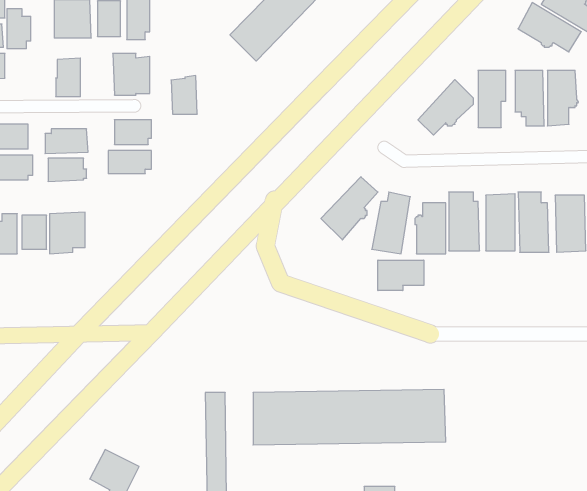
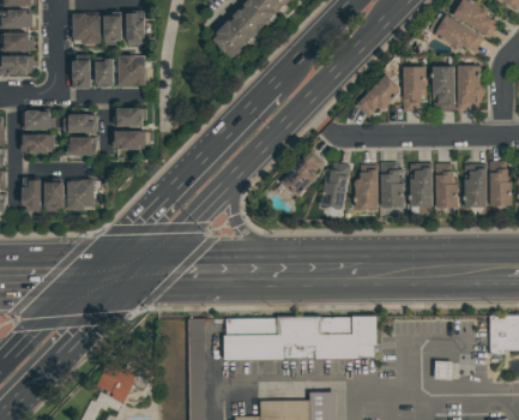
building: [7,9,31,49] -> none
building: [171,76,197,114] -> [96,56,116,86]
building: [378,260,424,291] -> none

